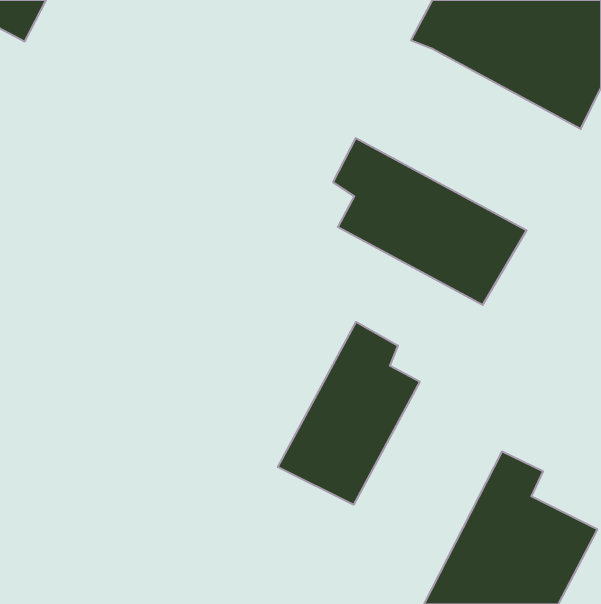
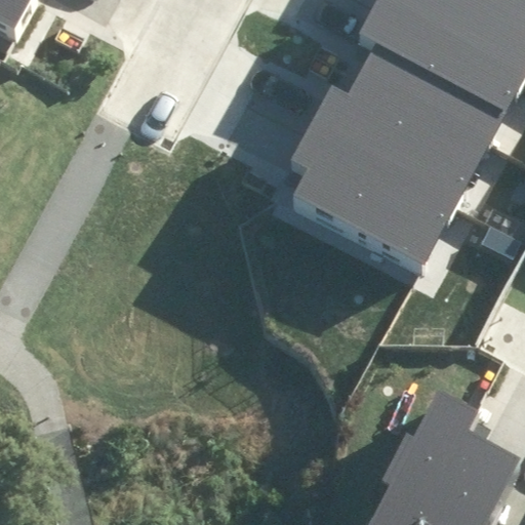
building: none -> [309,42,504,200]
building: [278,322,420,505] -> none

